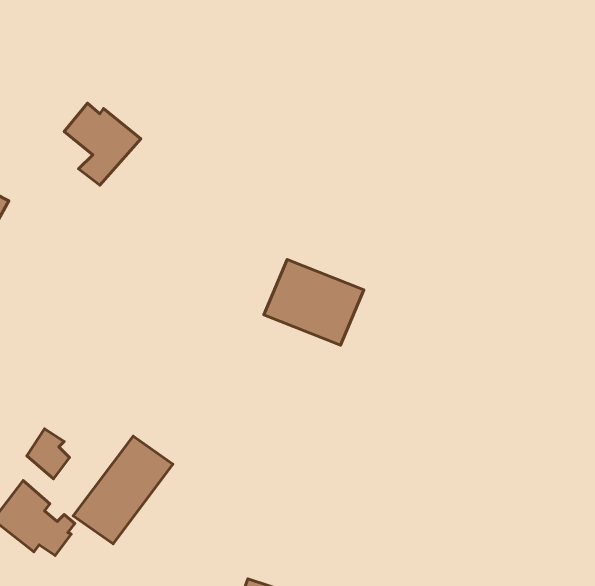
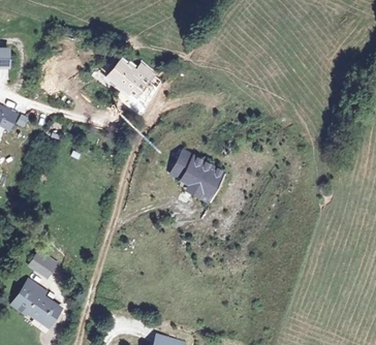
building: [64,103,141,185] -> [107,61,152,108]
building: [73,436,173,544] -> none

